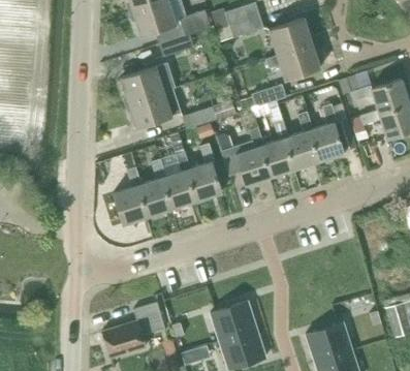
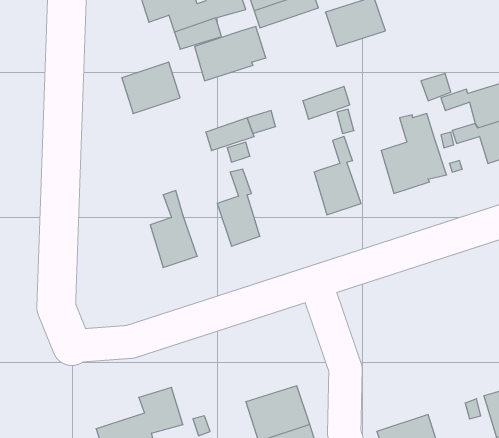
building: [277,43,320,81] -> none
building: [129,89,181,128] -> [195,26,266,81]
building: [284,112,318,168] -> none
building: [221,127,270,185] -> none
building: [165,151,200,207] -> none
building: [113,166,151,224] -> none

